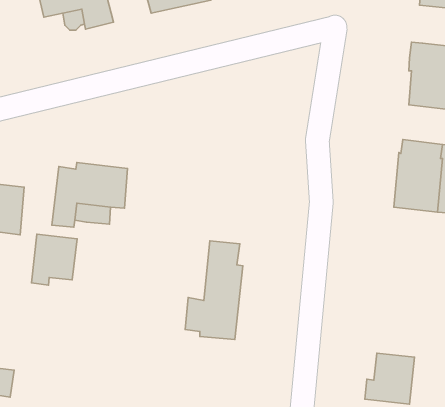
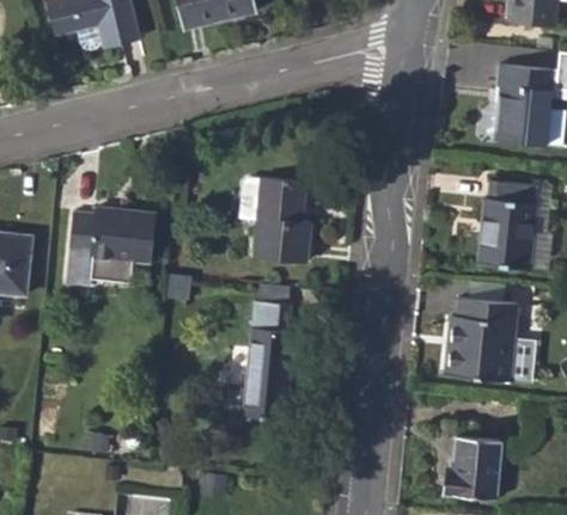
building: none -> [240,176,312,263]
building: [31,234,77,285] -> none
building: none -> [445,296,518,379]

